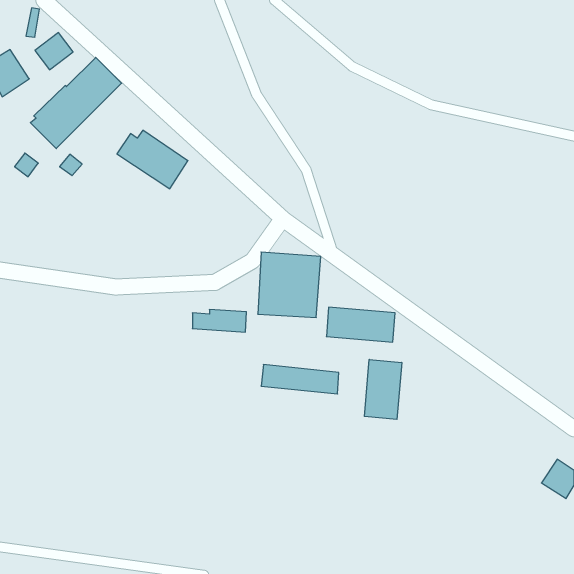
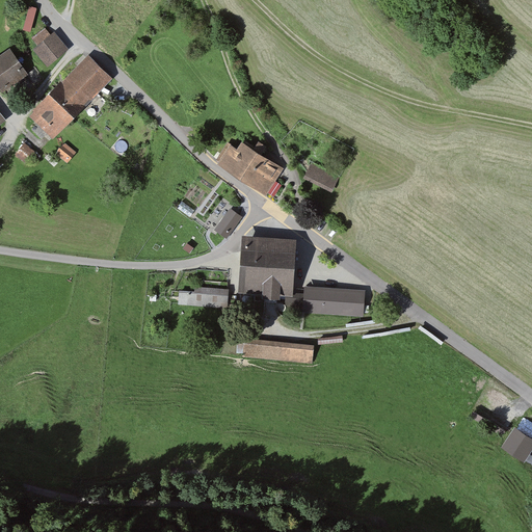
building: [117,130,188,189] -> [217,140,283,194]
building: none -> [302,164,339,192]
building: none -> [213,208,242,239]
building: [364,359,402,419] -> none

